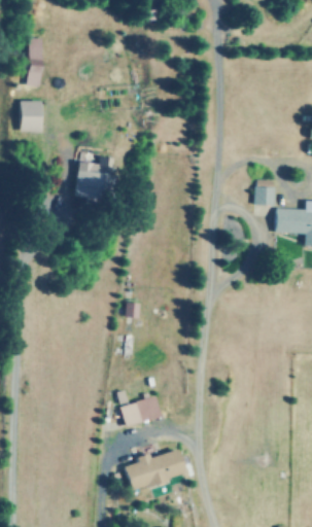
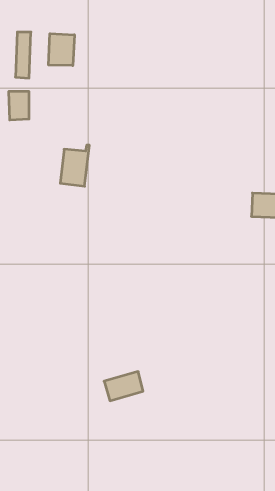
building: none -> [49,34,74,66]
building: [255,179,275,205] -> none
building: [125,450,185,490] -> none

